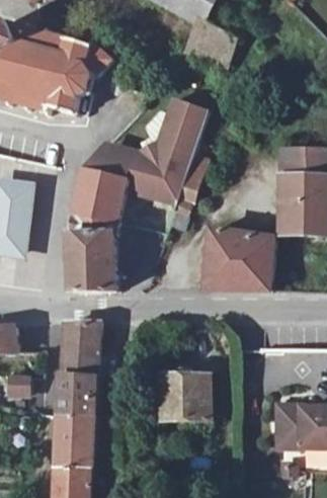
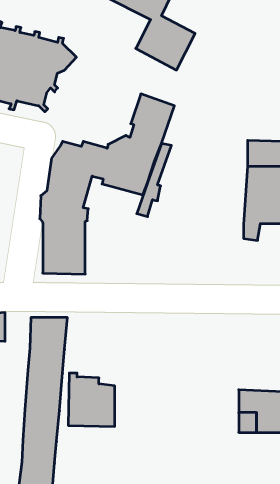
building: [210,225,272,286] -> none
building: [166,369,214,424] -> [68,373,115,426]

